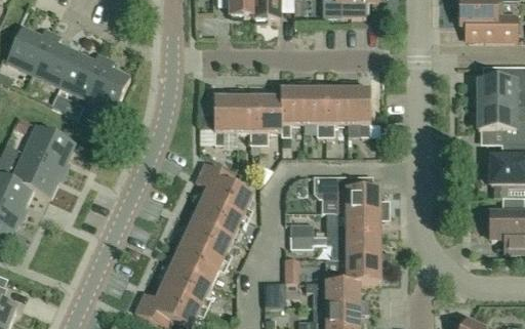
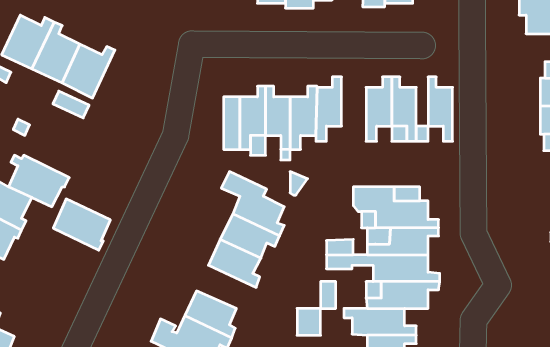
building: [85,55,128,110] -> none
building: [304,79,325,135] -> [428,77,453,141]
building: [25,122,75,167] -> [53,199,110,250]
building: [176,244,229,282] -> none

